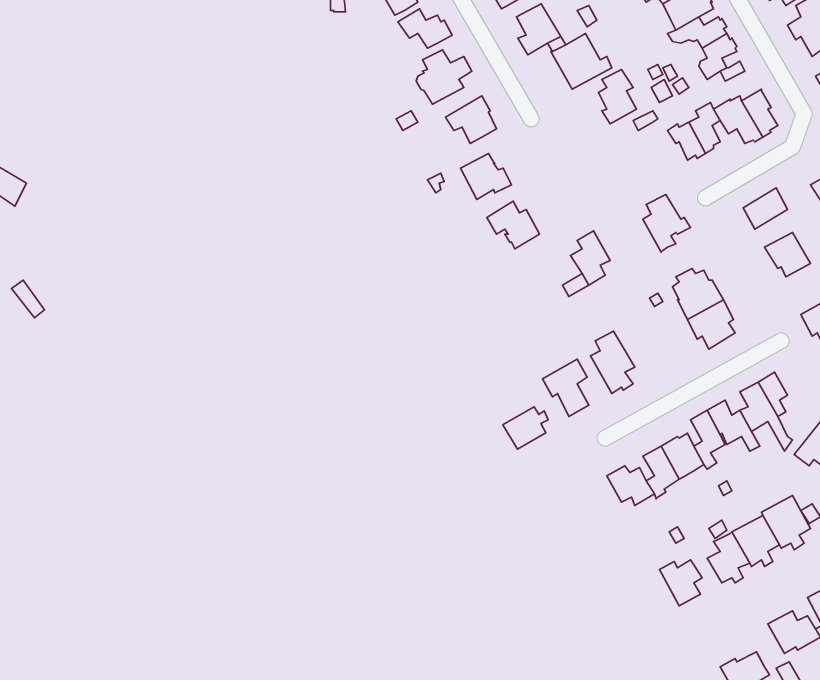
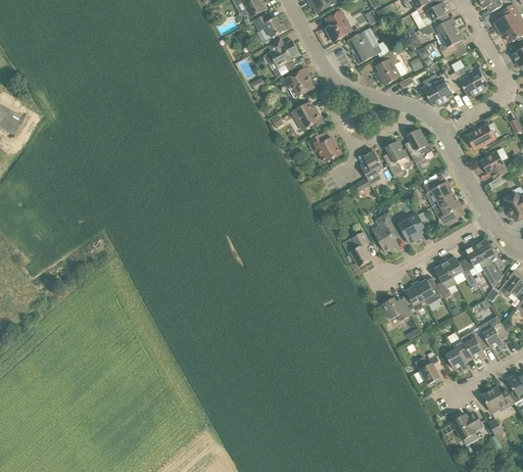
building: none -> [383,140,407,176]
building: none -> [398,211,426,243]
building: [503,407,548,449] -> none

